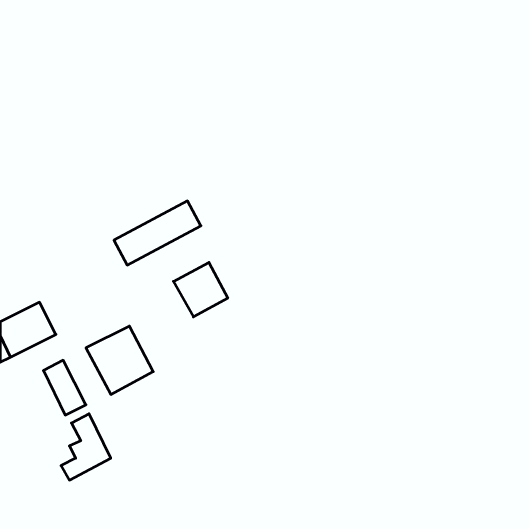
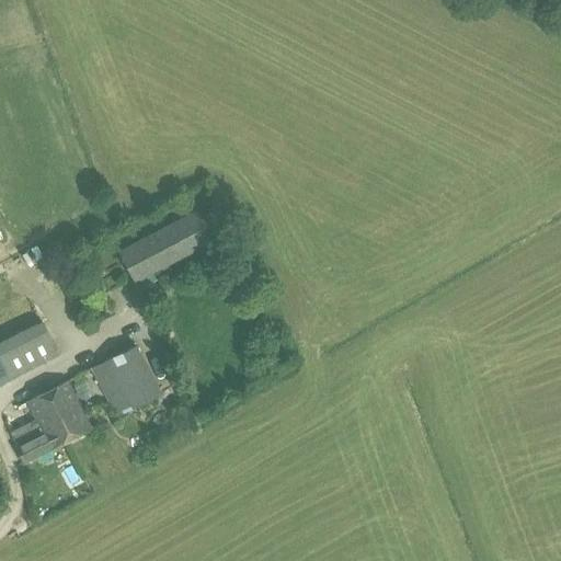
building: [173,262,228,317] -> none
building: [61,414,111,480] -> [16,392,69,462]

